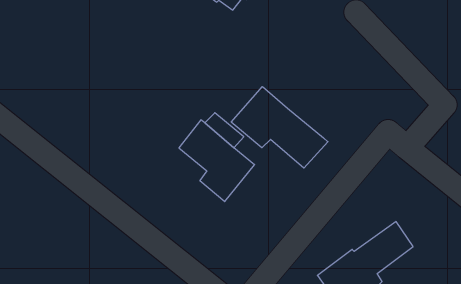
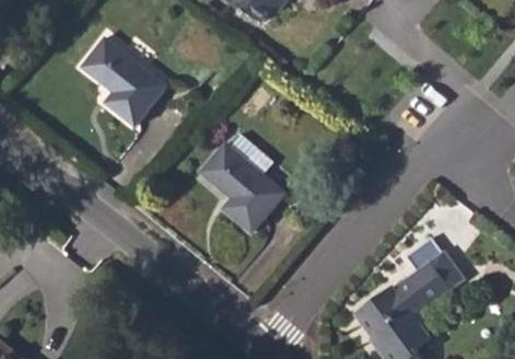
building: none -> [80,37,164,124]
building: [231,87,328,168] -> none

